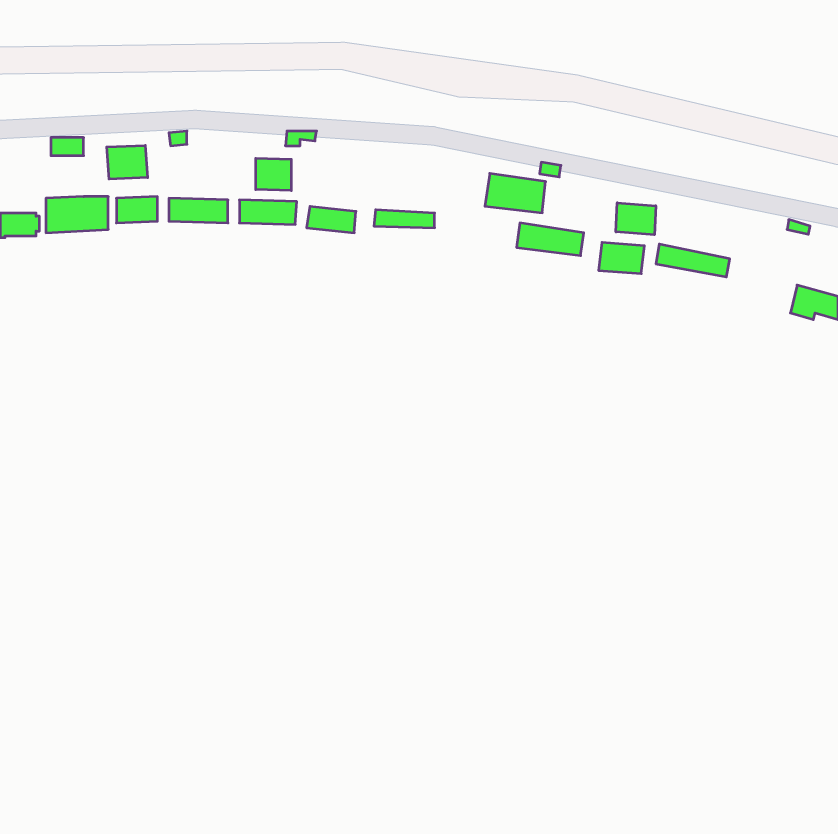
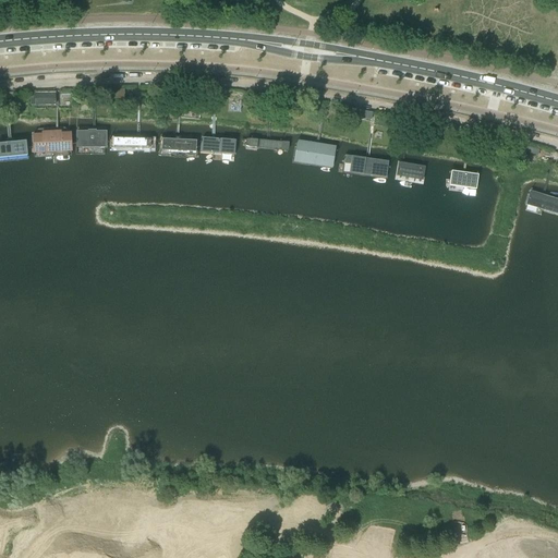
building: [107,145,148,179] -> none
building: [256,158,291,191] -> none
building: [485,173,546,213] -> [294,141,335,167]
building: [616,203,656,235] -> none

